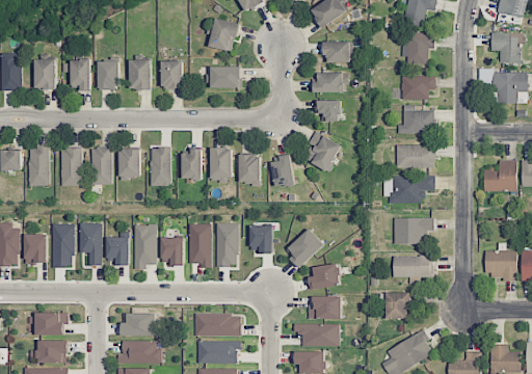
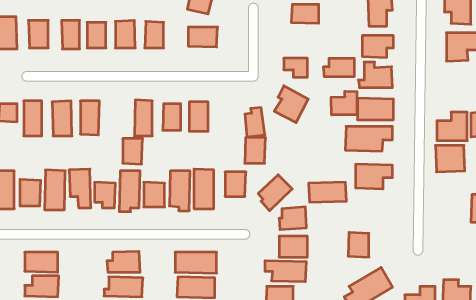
building: [312,73,346,92] -> [323,58,354,76]
building: none -> [331,91,357,115]
building: [119,150,141,178] -> [123,139,143,164]
building: [238,155,261,183] -> [245,138,266,163]
building: [484,250,516,279] -> [435,145,465,172]
building: [392,256,433,277] -> [309,182,346,202]

